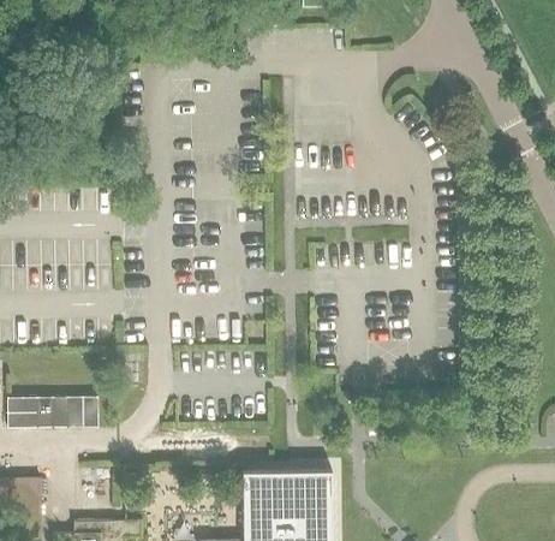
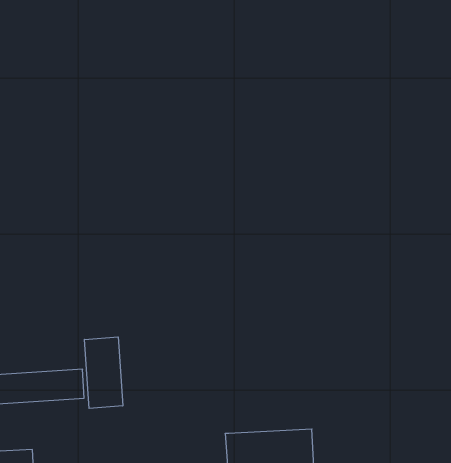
building: none -> [84,337,123,408]

